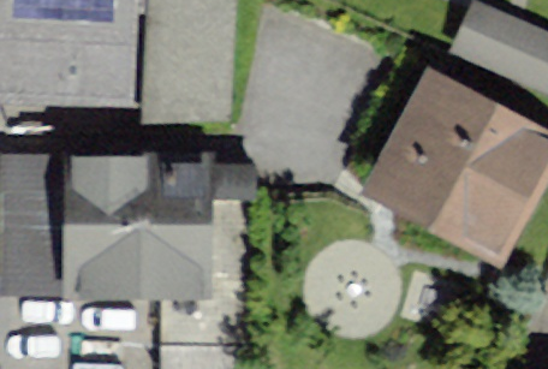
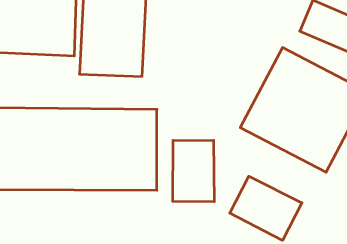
building: none -> [173,140,214,202]
building: none -> [230,176,302,240]

